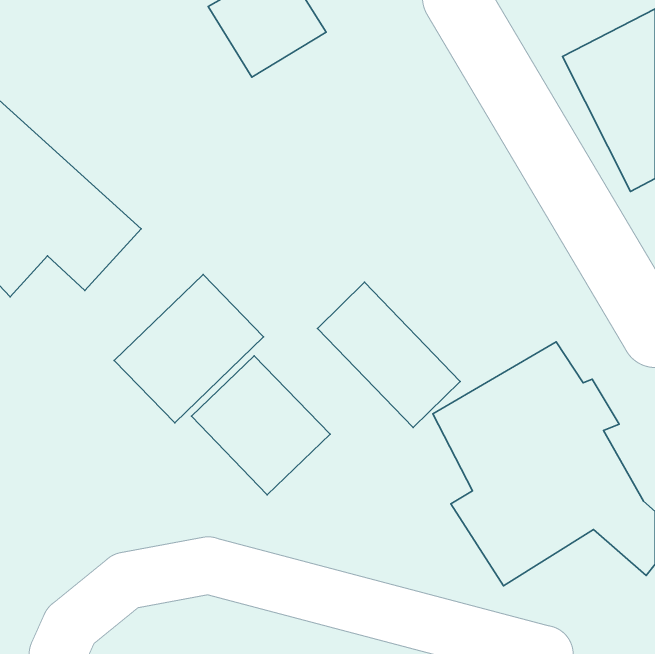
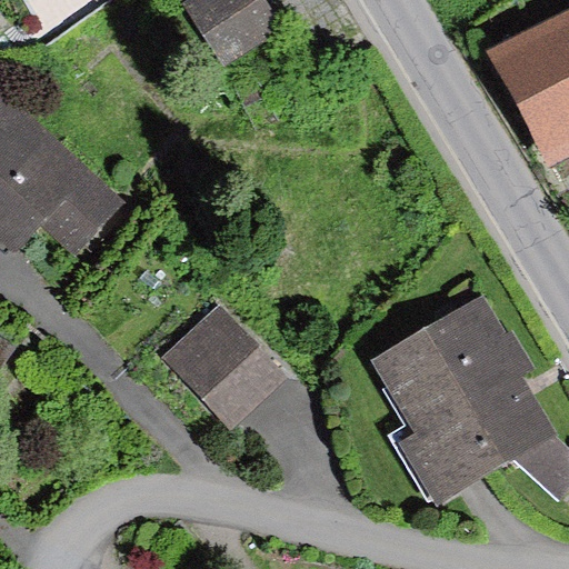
building: [114,275,264,423] -> none
building: [317,282,460,428] -> none

